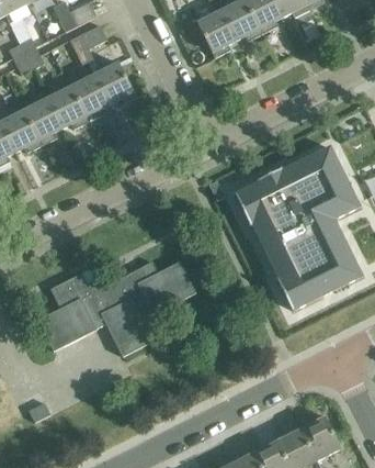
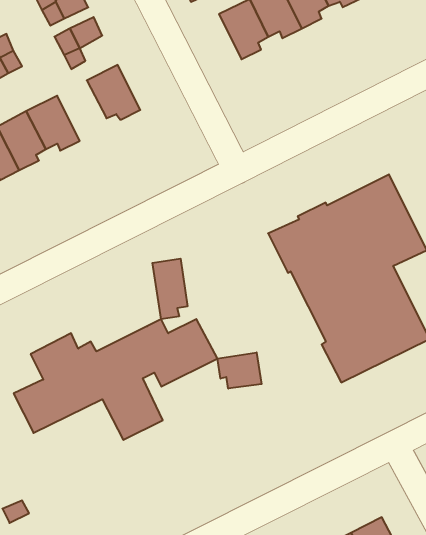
building: [71,74,110,121] -> none
building: none -> [152,259,187,319]
building: none -> [218,352,262,389]

